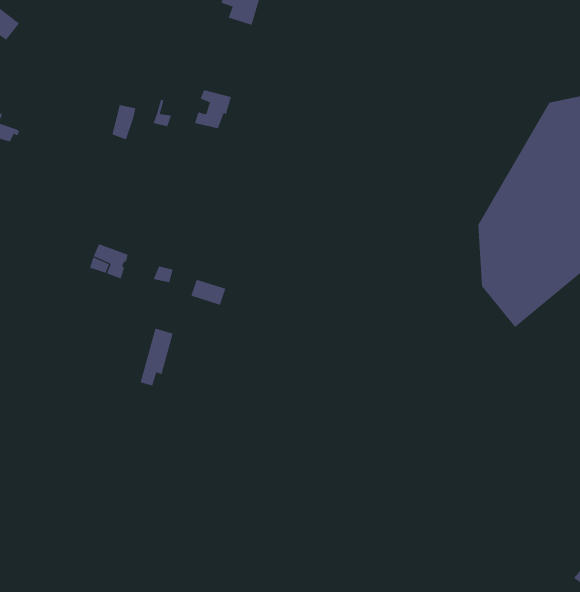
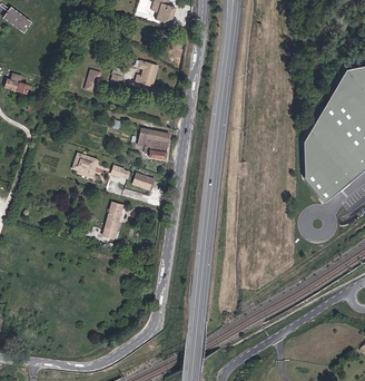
building: none -> [139,128,169,158]

